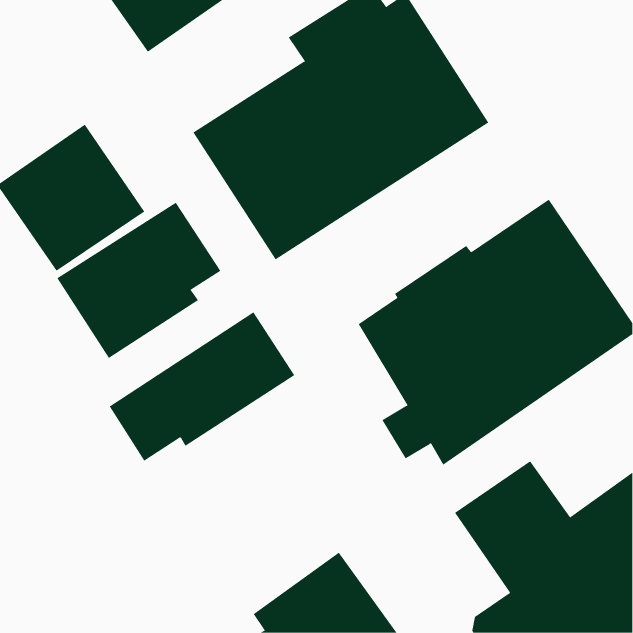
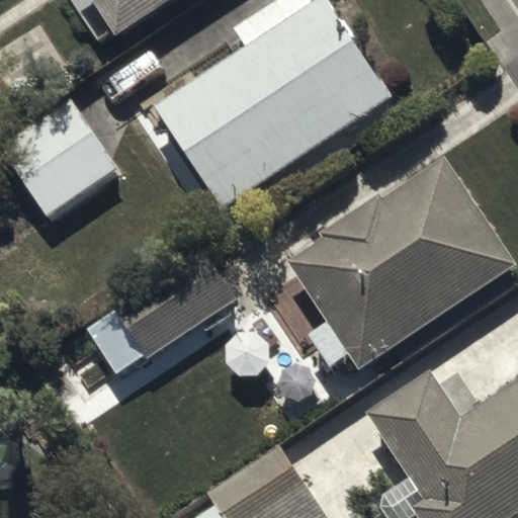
building: [57,202,221,359] -> none

